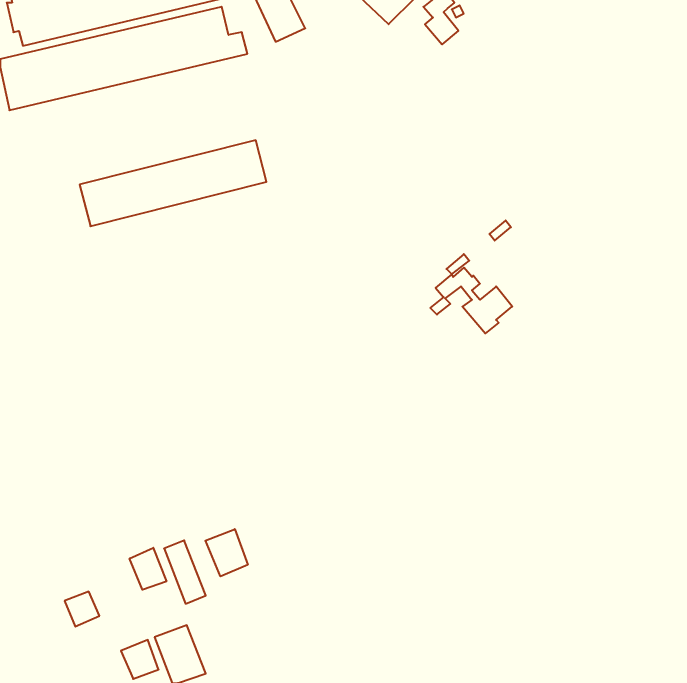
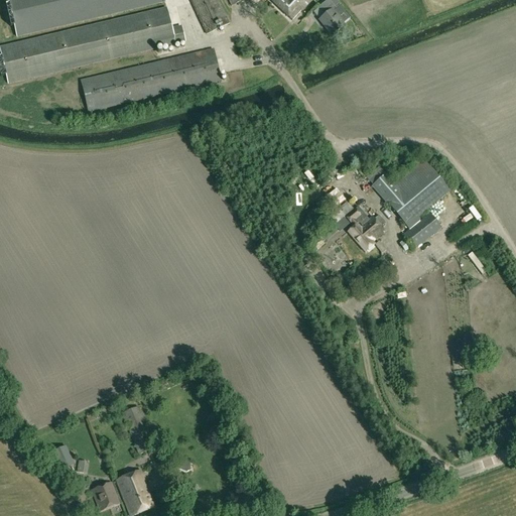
building: [80,140,266,226] -> [81,46,221,111]
building: none -> [373,154,452,248]
building: [205,529,248,576] -> none
building: [130,548,166,590] -> none

